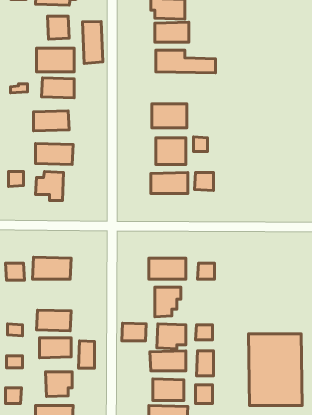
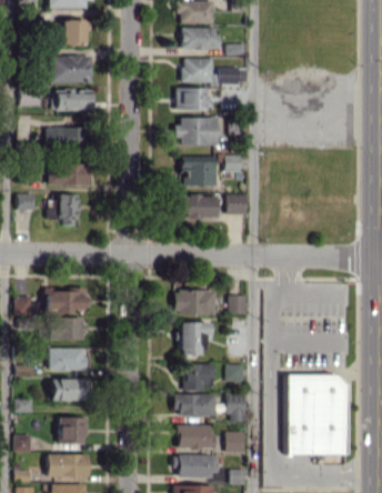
building: [83,22,103,63] -> none
building: none -> [177,88,207,110]
building: none -> [52,316,87,340]
building: [122,323,146,341] -> none
building: [79,341,95,368] -> none

